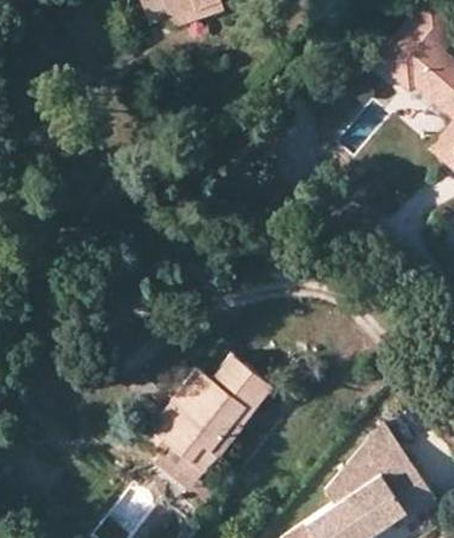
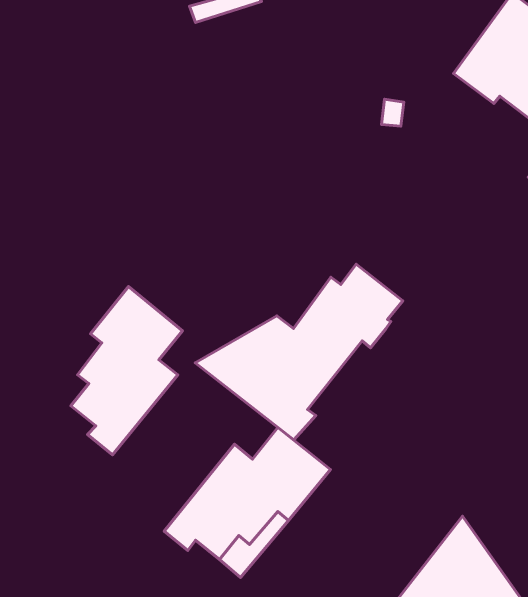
building: none -> [195,264,403,440]
building: none -> [71,286,182,455]

